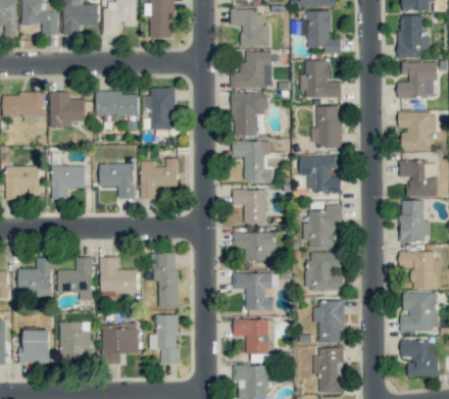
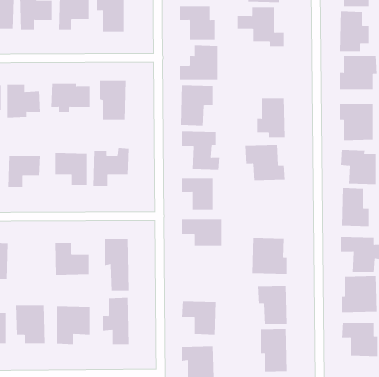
building: [300,60,341,98] -> none
building: [303,205,342,248] -> none
building: [58,258,93,301] -> none
building: [233,272,279,311] -> none

